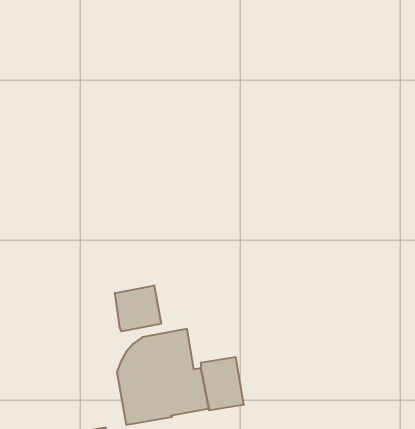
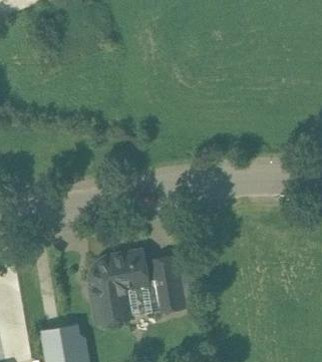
building: [115,285,161,331] -> none

